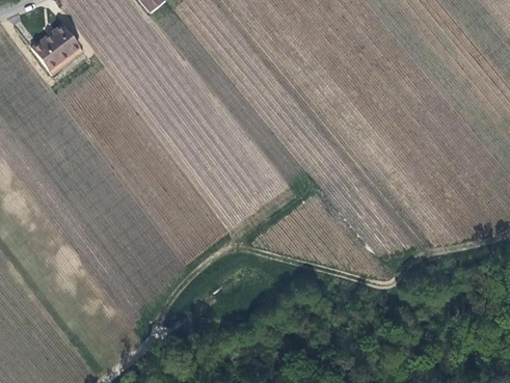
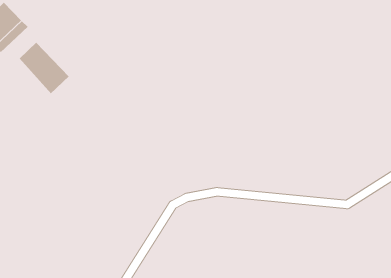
building: none -> [19,42,70,94]

